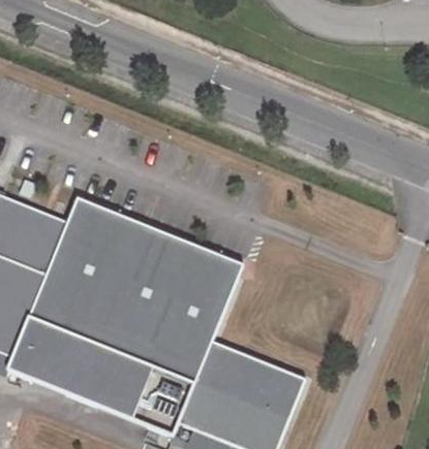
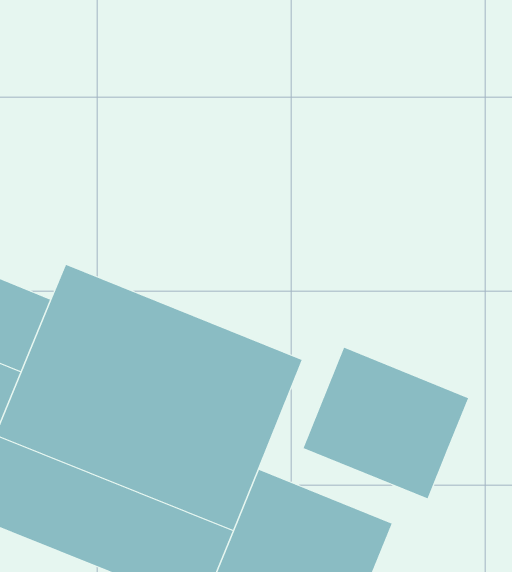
building: none -> [303,347,469,499]

